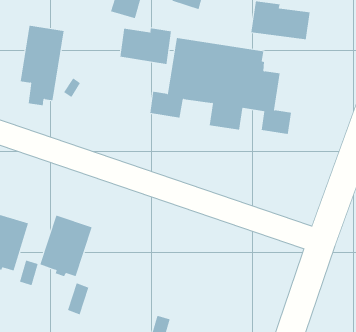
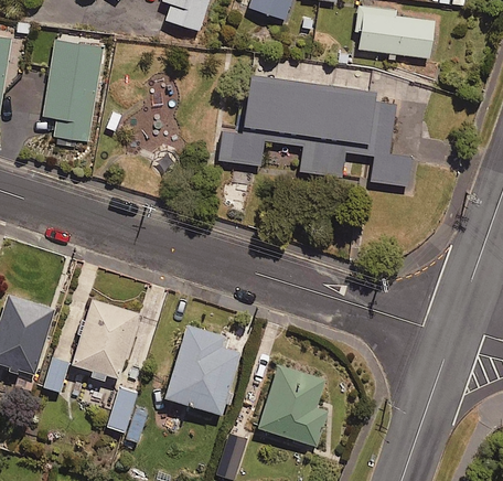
building: [120,27,172,65] -> none
building: none -> [164,323,239,414]
building: none -> [257,364,328,446]

